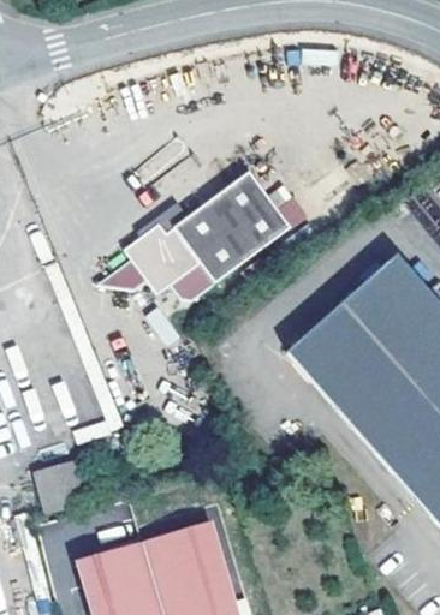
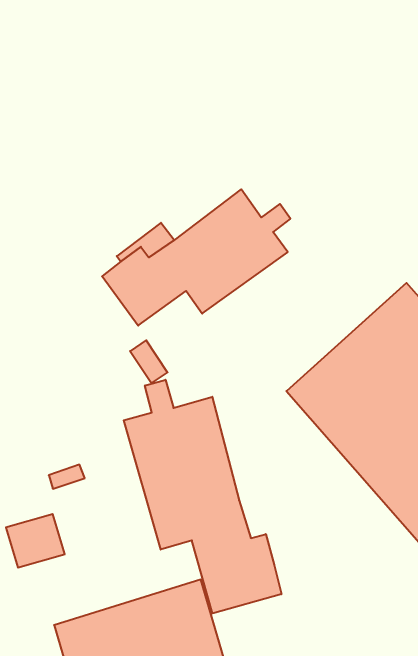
building: none -> [124,380,281,613]

